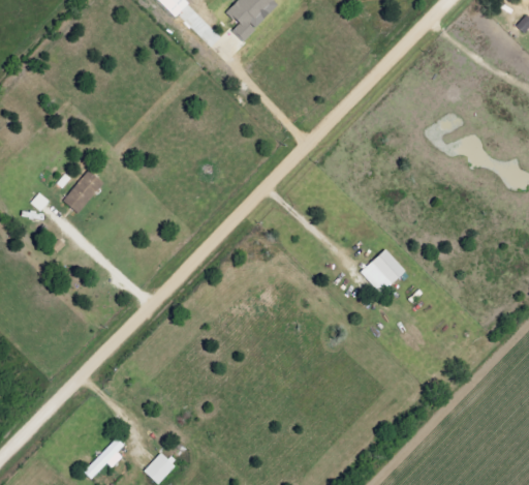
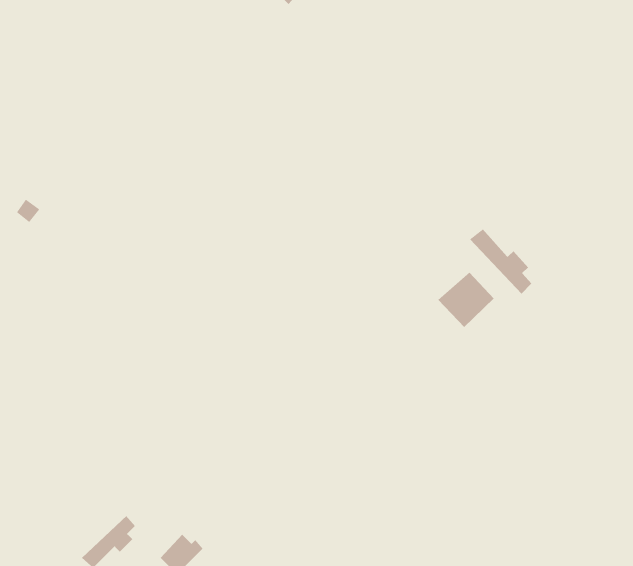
building: [63,171,104,213] -> none
building: none -> [469,229,532,294]

